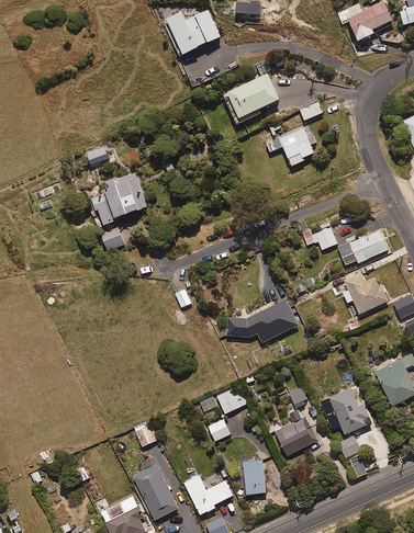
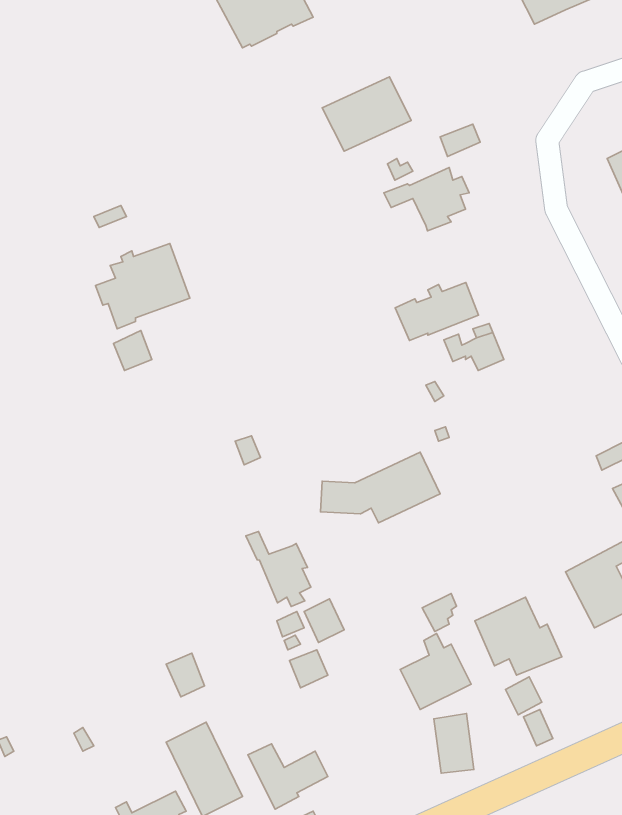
building: [337,230,388,265] -> [395,283,478,341]
building: [343,272,389,315] -> none
building: none -> [246,532,311,606]
building: [243,458,267,495] -> [434,713,474,773]

